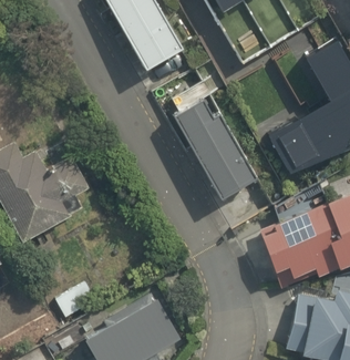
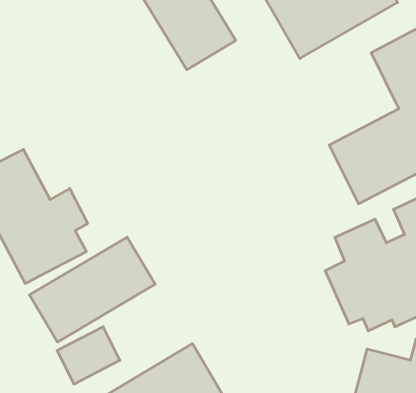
building: [169,81,262,204] -> none
building: none -> [29,237,155,342]

